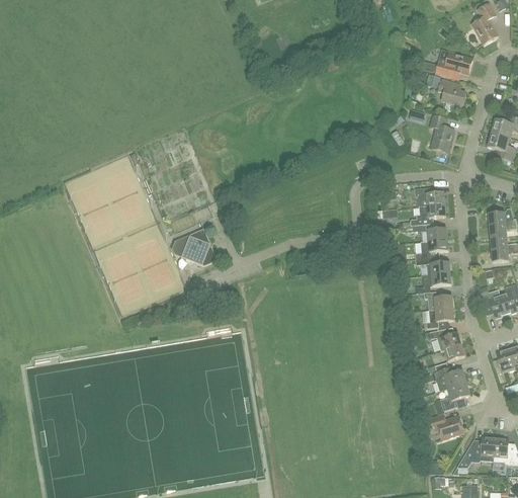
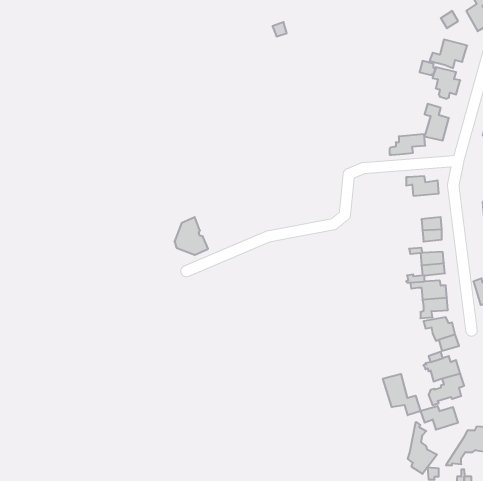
building: [410,204,445,225] -> [390,134,425,155]
building: none -> [383,374,420,415]
building: none -> [408,422,437,474]

